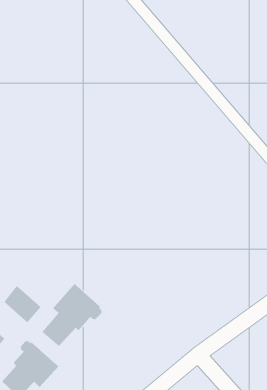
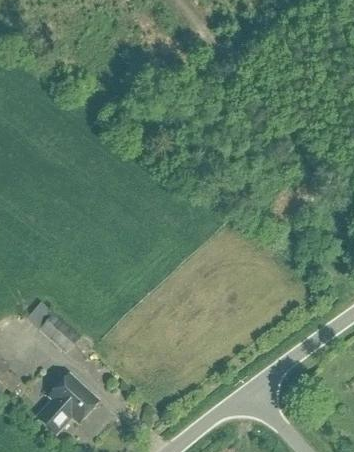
building: [41,283,102,347] -> none

